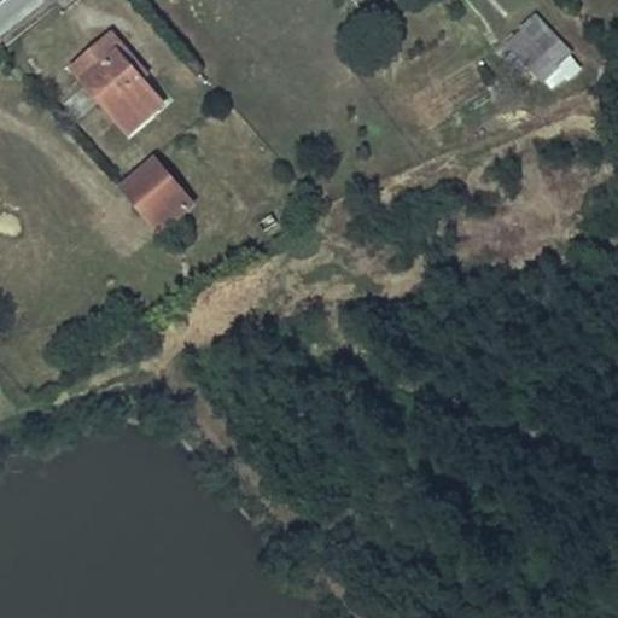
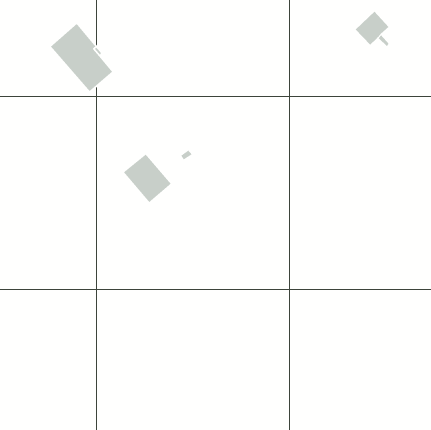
building: [122,159,192,231] -> [123,153,172,203]

